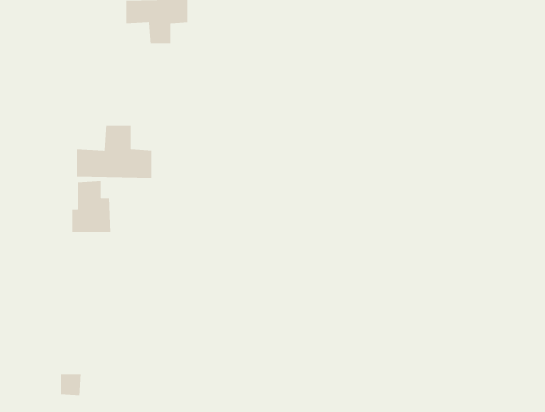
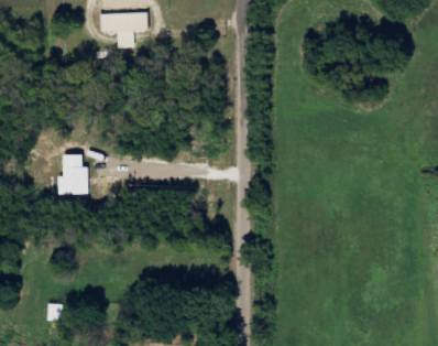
building: [76,125,152,179] -> none

